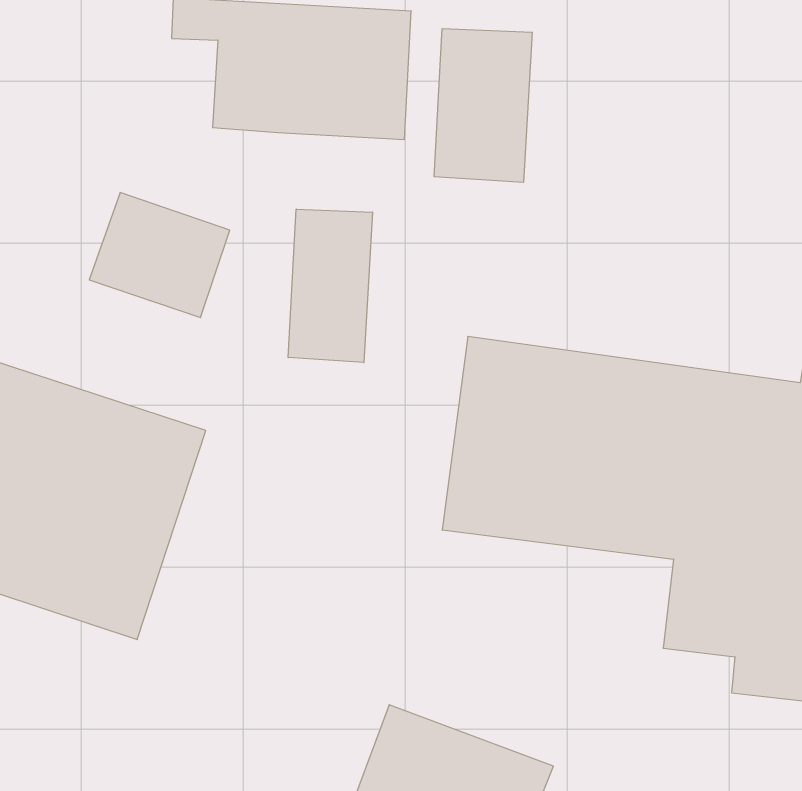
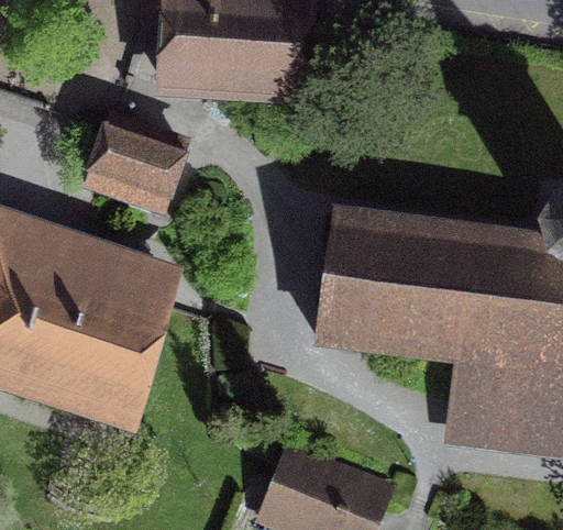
building: [434,29,532,182] -> none
building: [288,209,373,363] -> none

